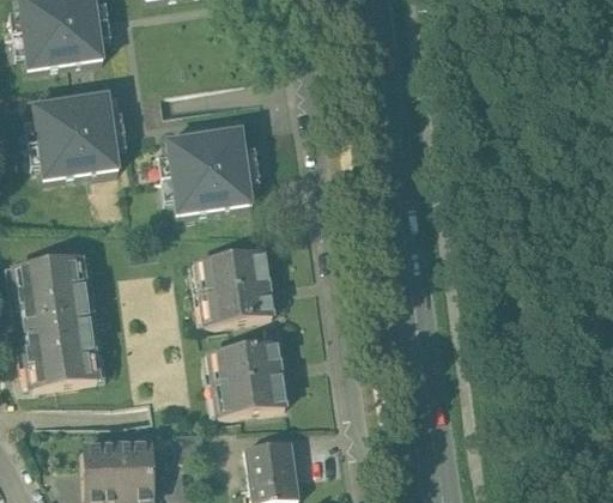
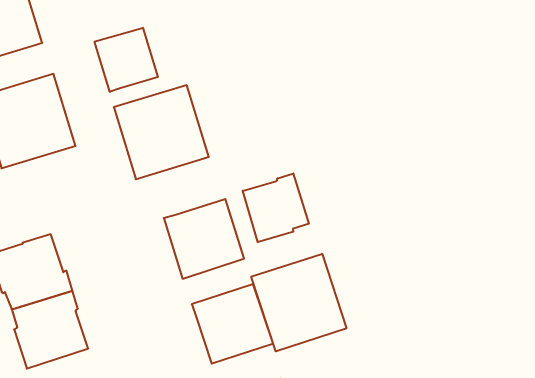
building: none -> [95,28,158,92]
building: none -> [243,173,309,242]
building: none -> [251,254,346,351]

